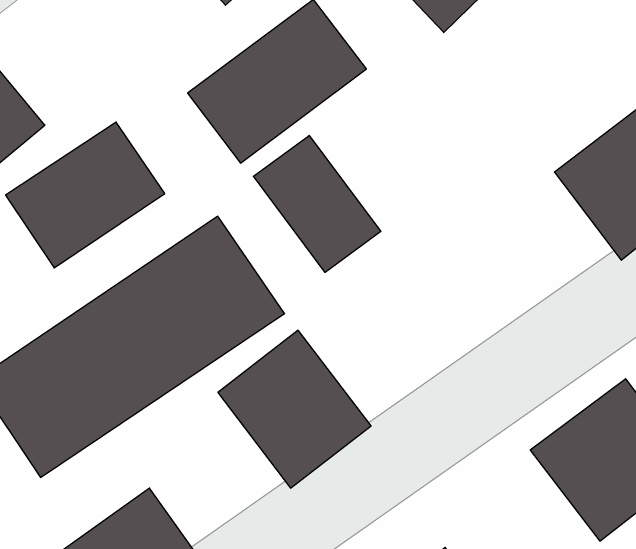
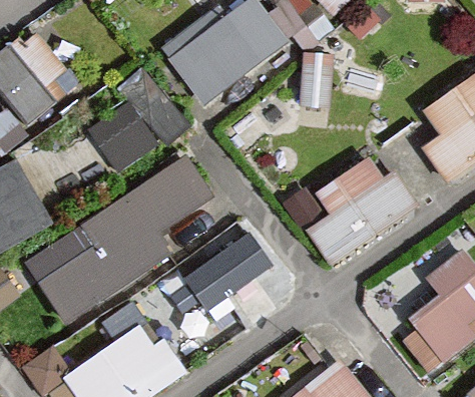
building: [253,135,381,272] -> none
building: none -> [296,159,414,266]

